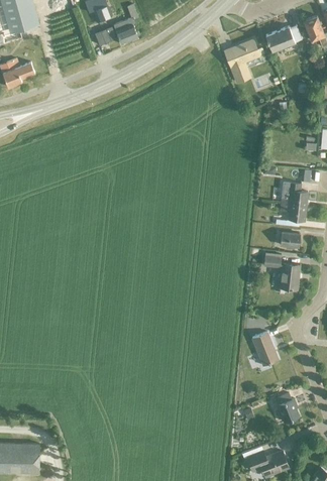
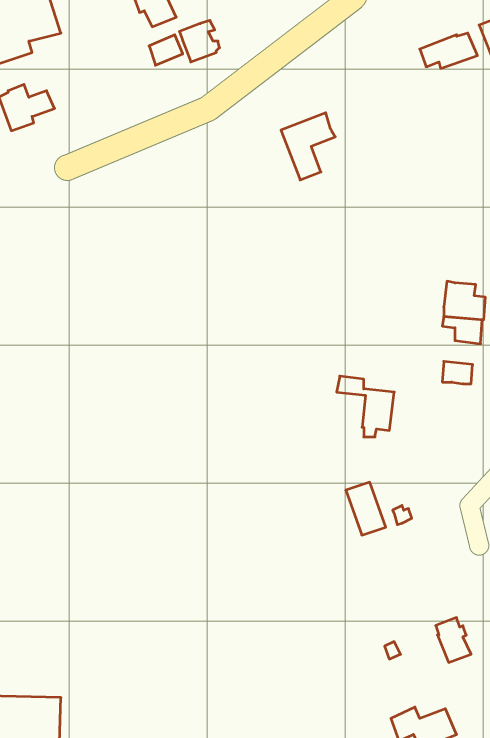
building: [225,39,259,82] -> [281,113,335,180]
building: [262,255,299,293] -> [337,376,394,437]
building: [251,332,277,365] -> [346,482,386,535]

